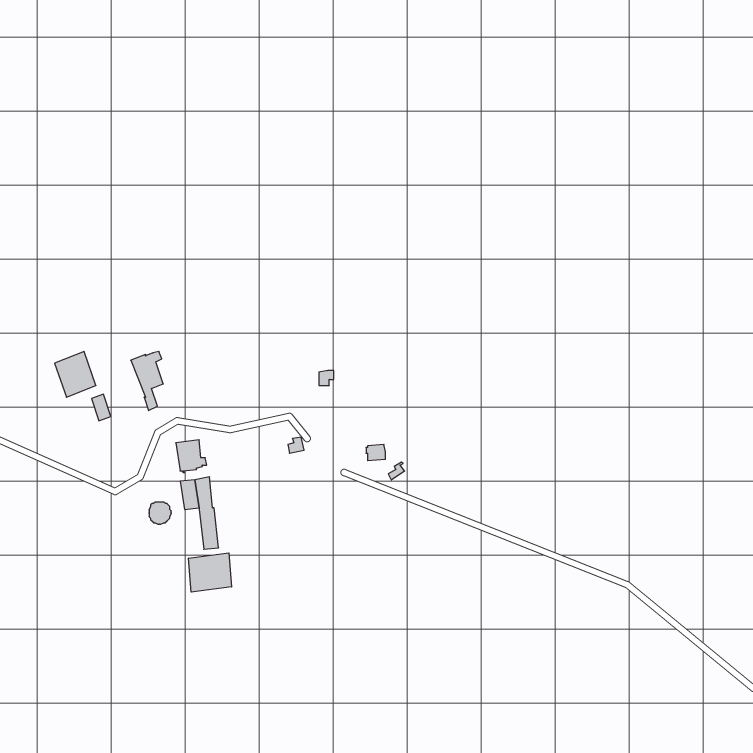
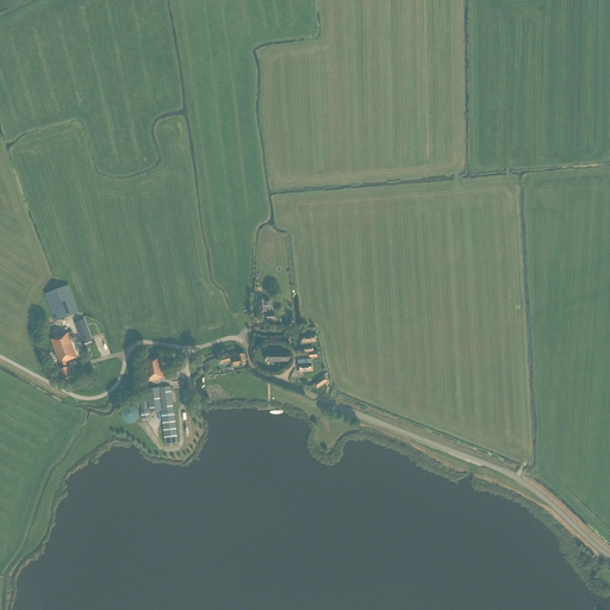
building: [131,351,163,411] -> [49,331,75,379]
building: [189,553,232,592] -> none

